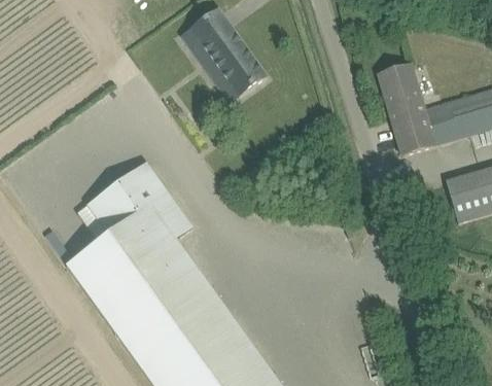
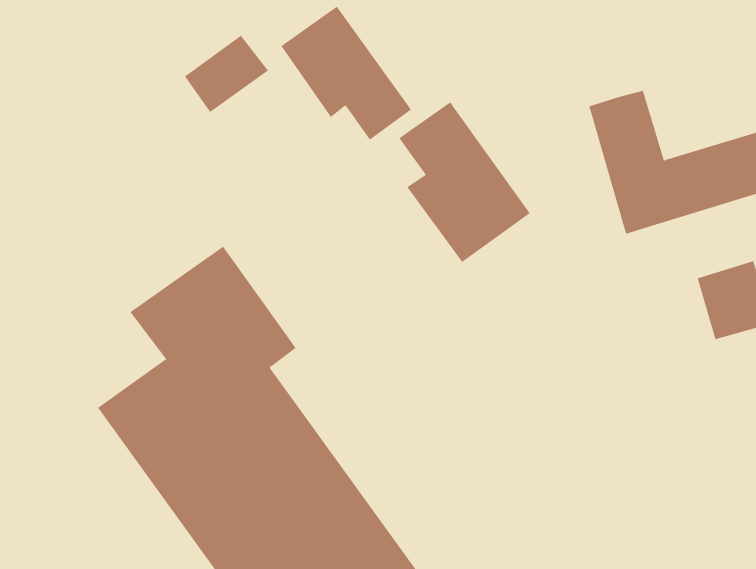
building: none -> [184,35,269,113]
building: none -> [398,101,531,263]

